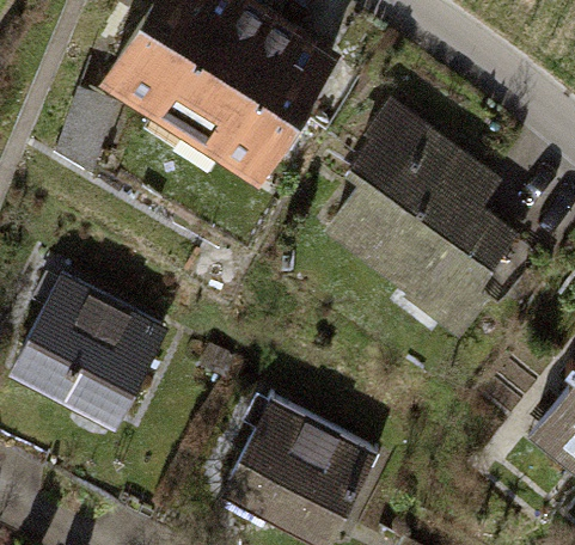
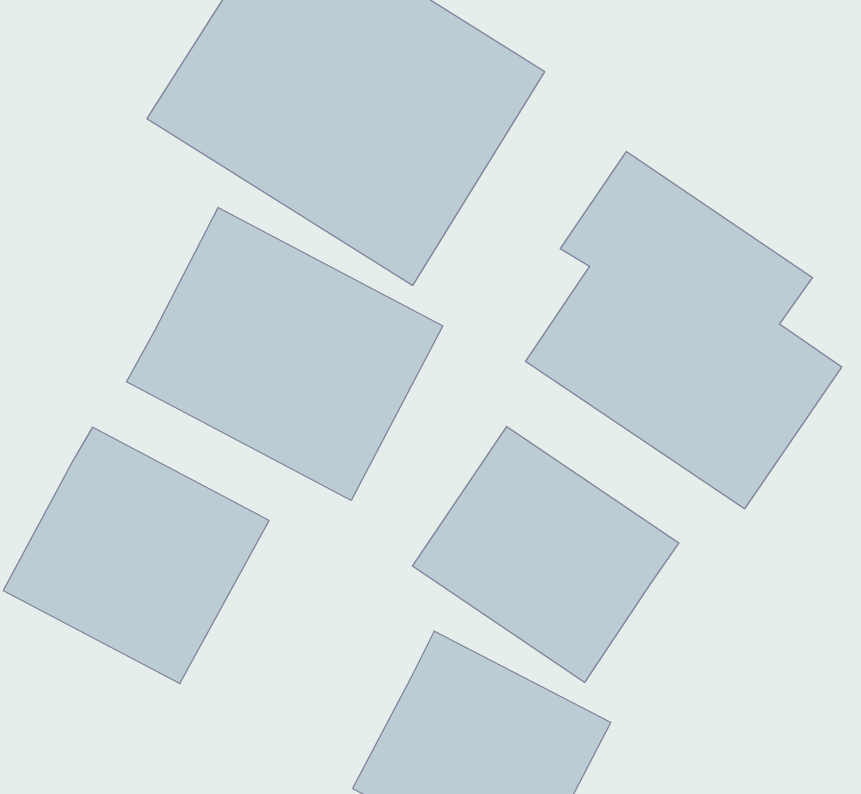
building: none -> [127,207,443,500]
building: none -> [413,426,679,682]

